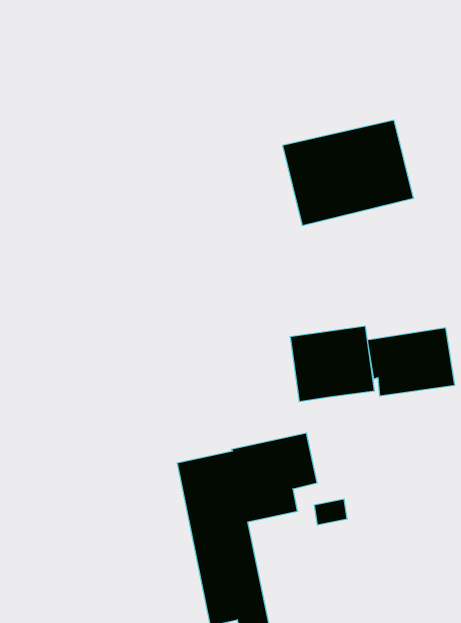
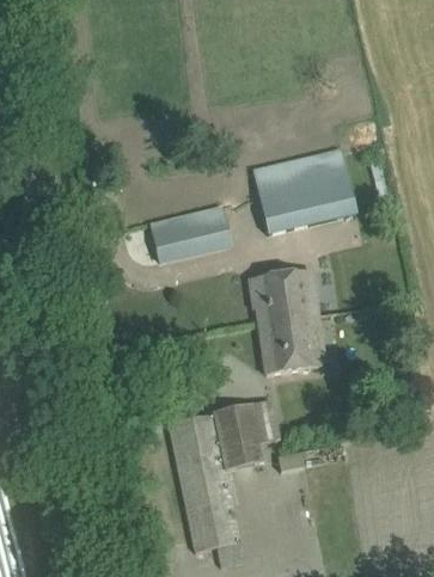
building: none -> [151,205,231,258]
building: [367,328,455,396] -> [247,268,317,321]

